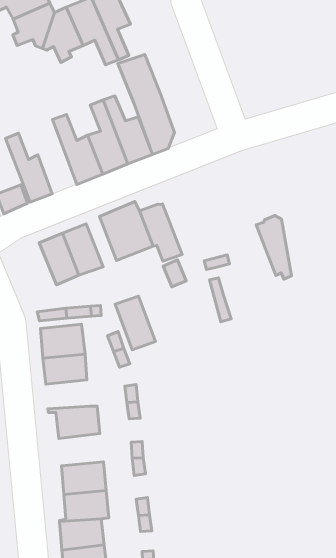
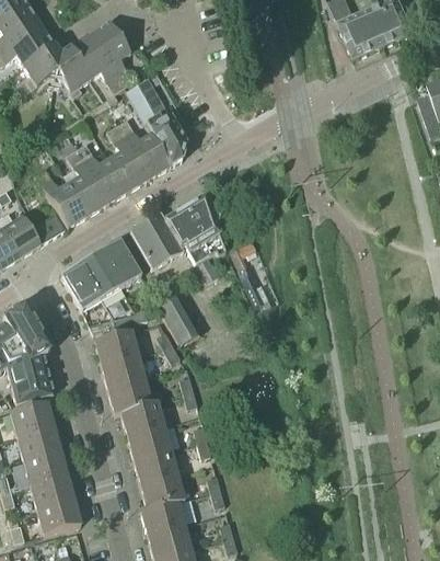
building: none -> [65,150,106,217]
building: [256,216,292,279] -> [186,198,225,254]
building: none -> [61,263,103,310]
building: none -> [108,379,151,411]
building: none -> [128,425,172,460]

